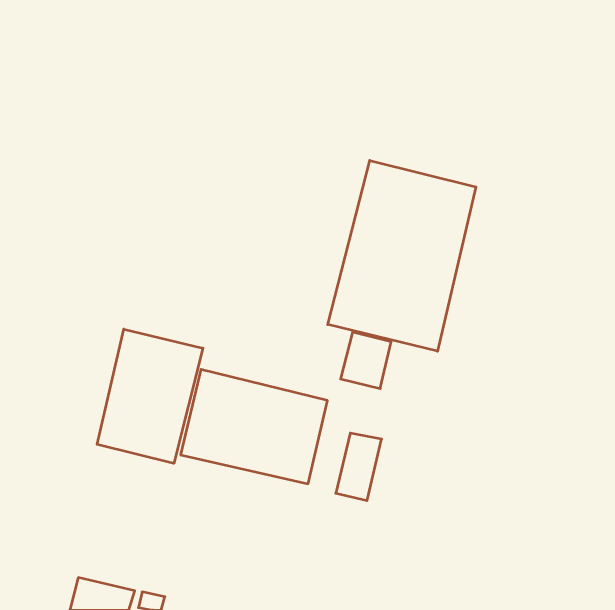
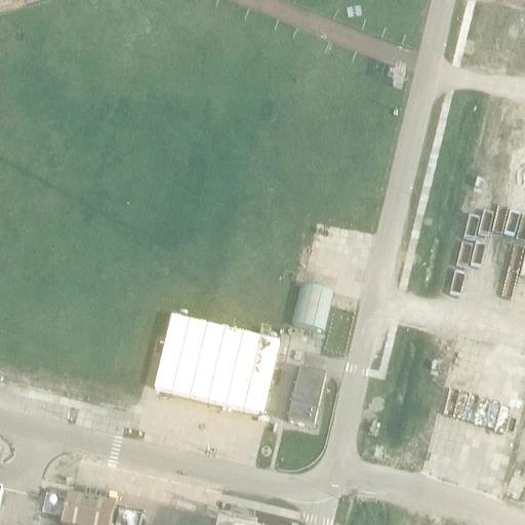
building: [328,160,476,351] -> none
building: [97,329,203,463] -> none

